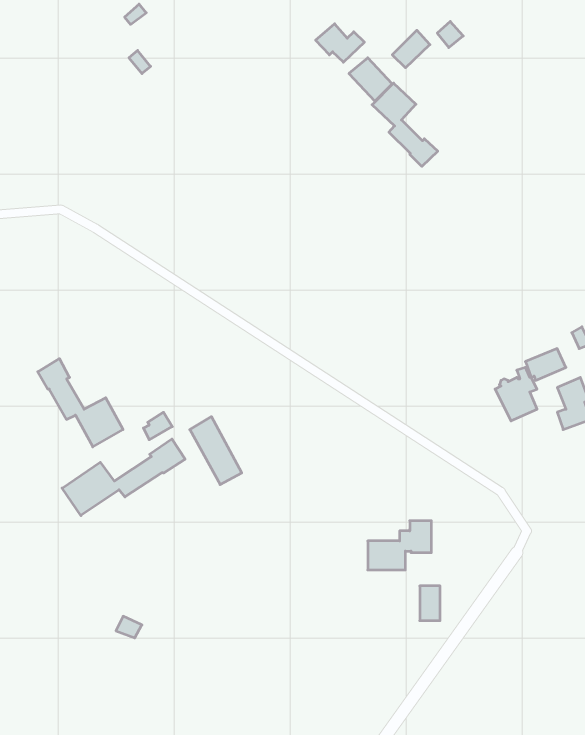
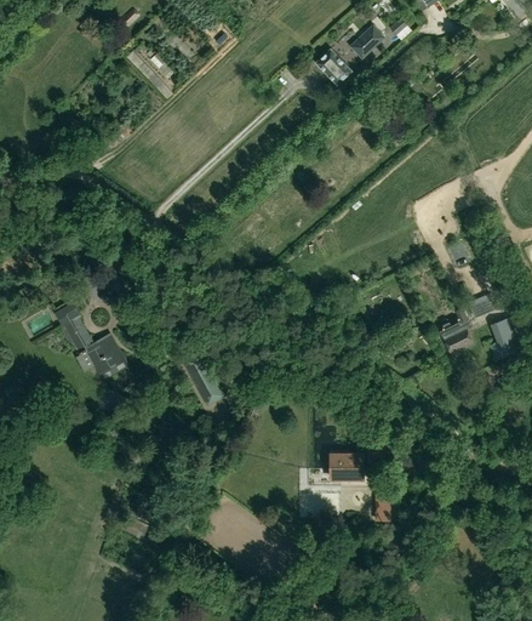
building: [316,24,364,62] -> none
building: [372,83,438,166] -> none
building: [62,439,185,516] -> none

